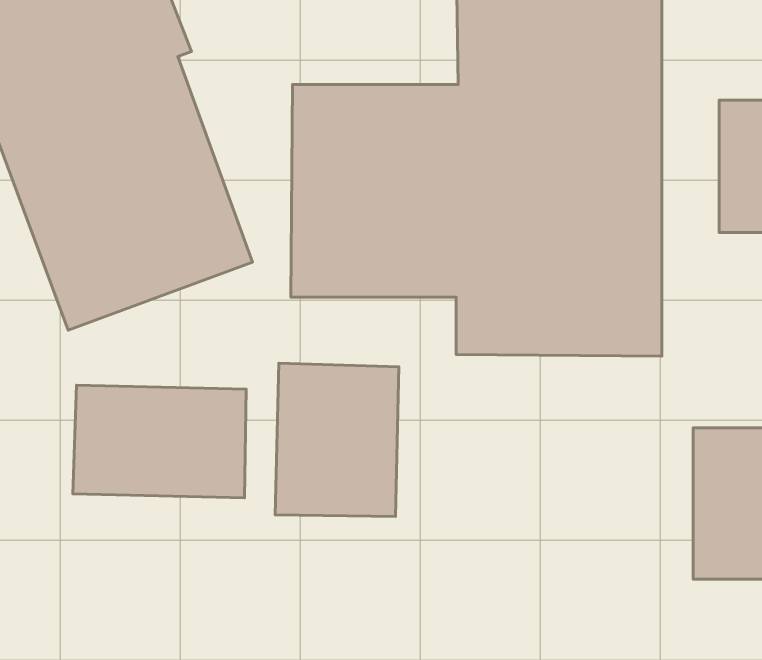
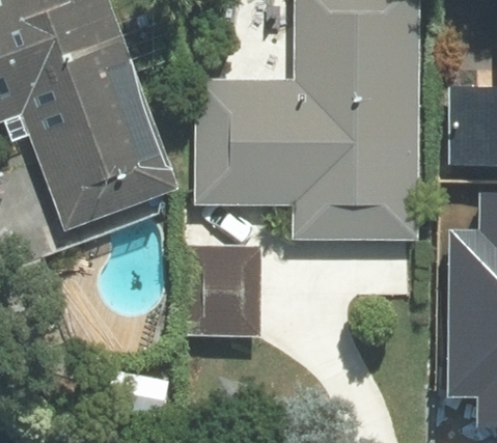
building: [73,385,246,498] -> none

